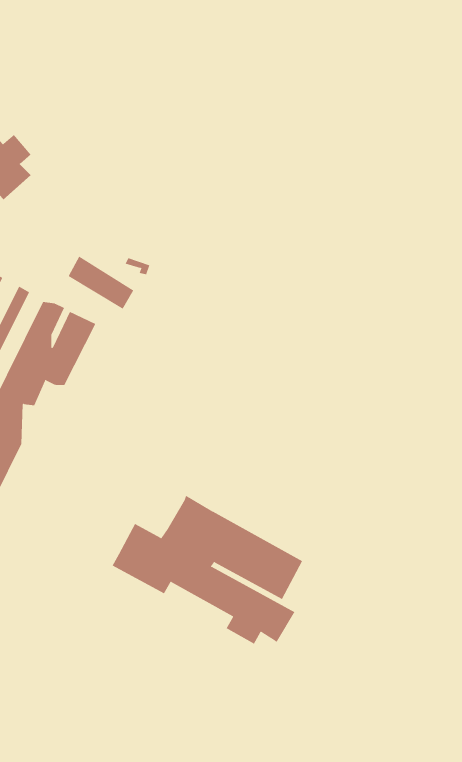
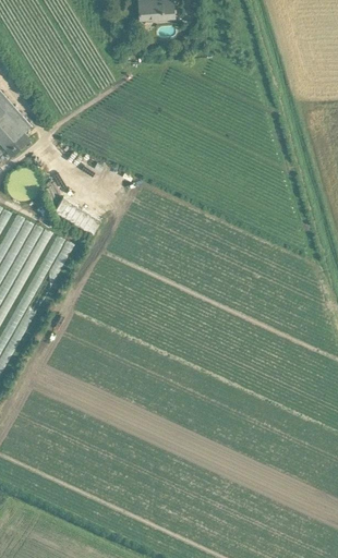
building: [112,495,303,644] -> none

